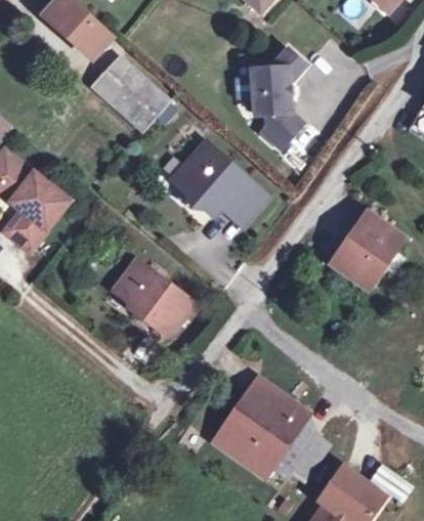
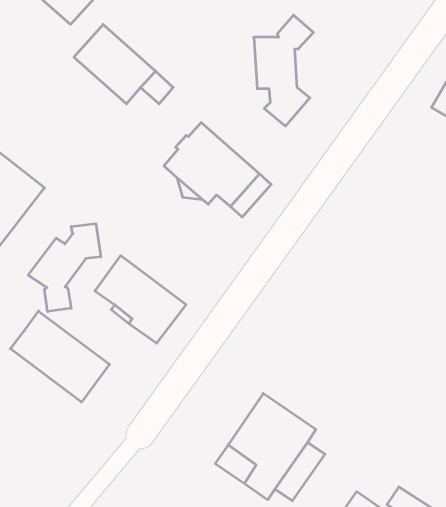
building: [335,215,401,288] -> none
building: none -> [28,224,101,312]
building: none -> [10,311,110,402]

